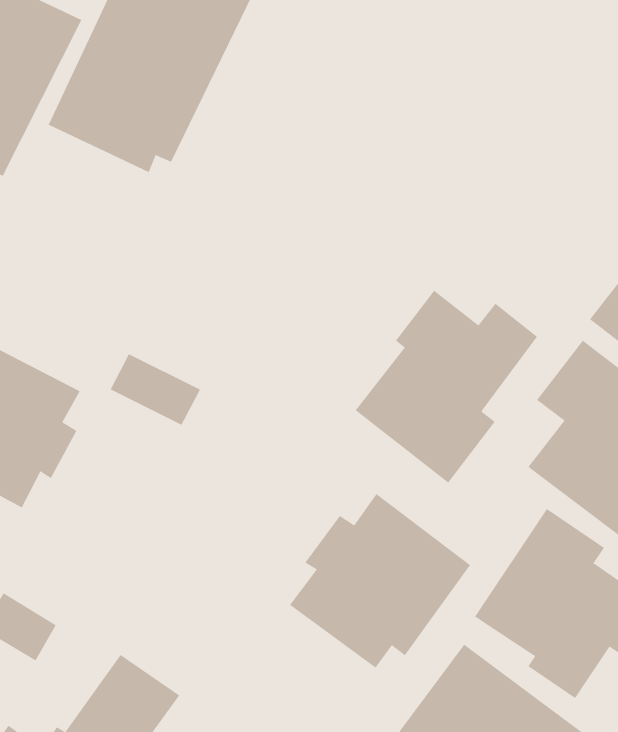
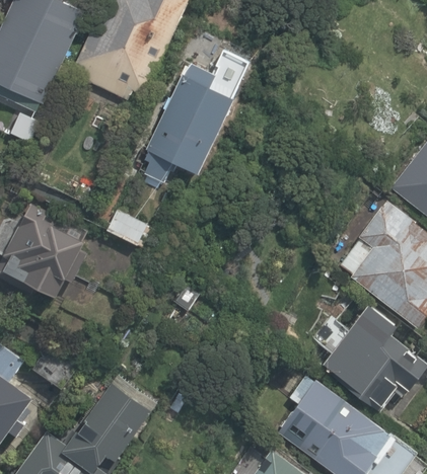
building: none -> [144,60,233,175]
building: [355,290,538,483] -> none
building: [289,493,471,668] -> none

